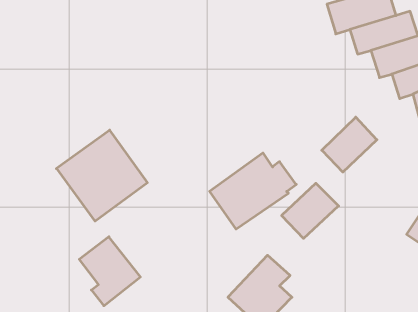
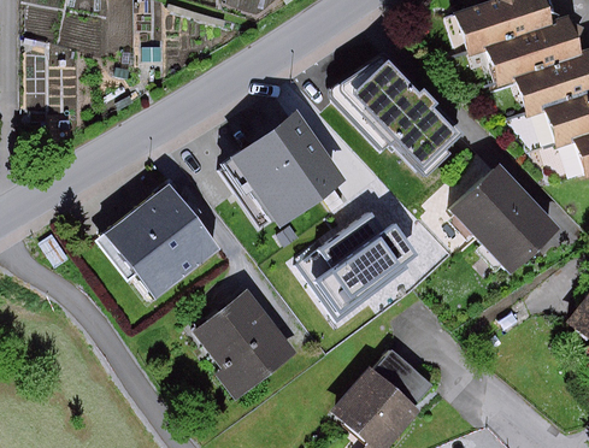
building: none -> [346,58,459,161]
building: none -> [230,112,347,228]
building: [282,183,339,238] -> [483,195,561,271]
building: [79,237,140,306] -> [194,300,278,395]

